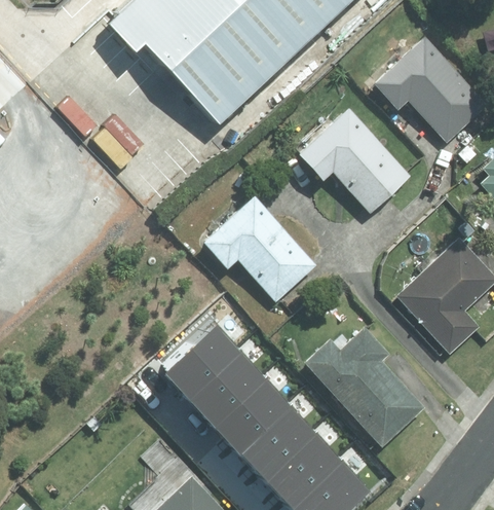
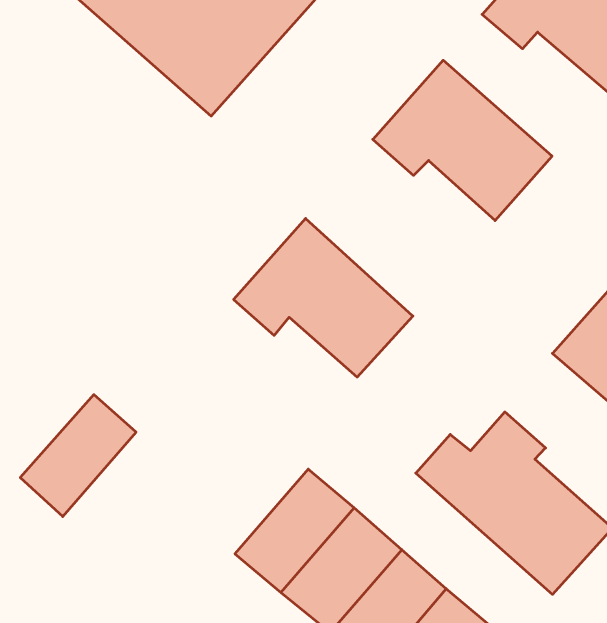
building: [166,327,240,400] -> [20,395,136,517]

